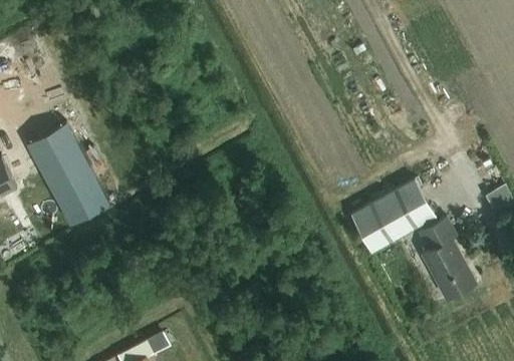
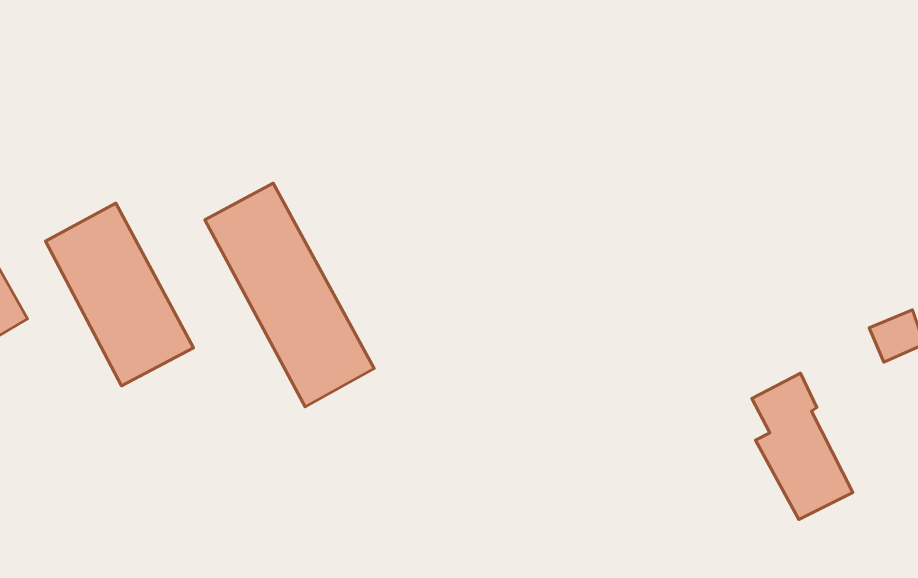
building: none -> [205,183,374,407]
building: [351,179,437,254] -> none

